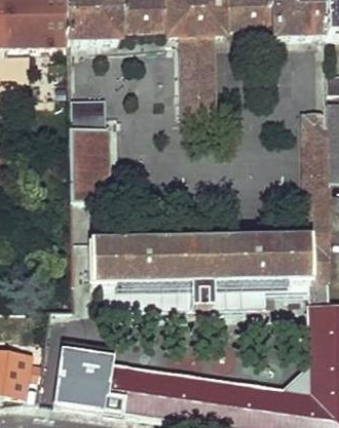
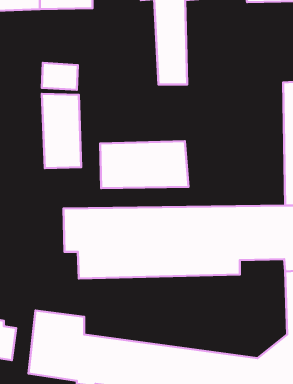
building: none -> [100,141,189,188]

